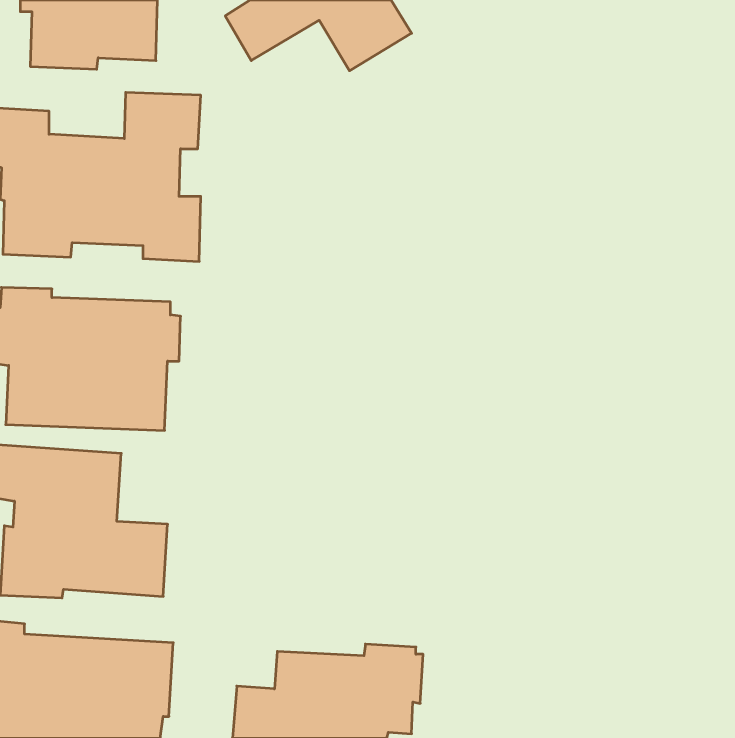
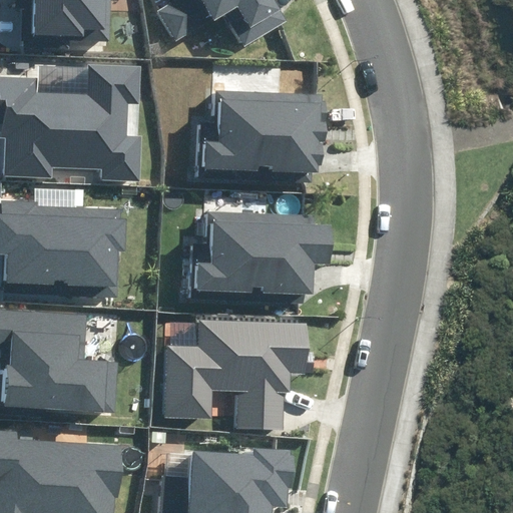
building: none -> [197,90,326,182]
building: none -> [190,211,330,294]
building: none -> [162,320,312,430]

